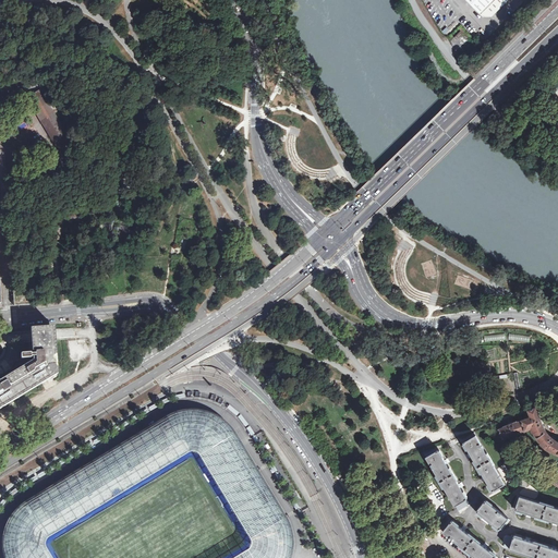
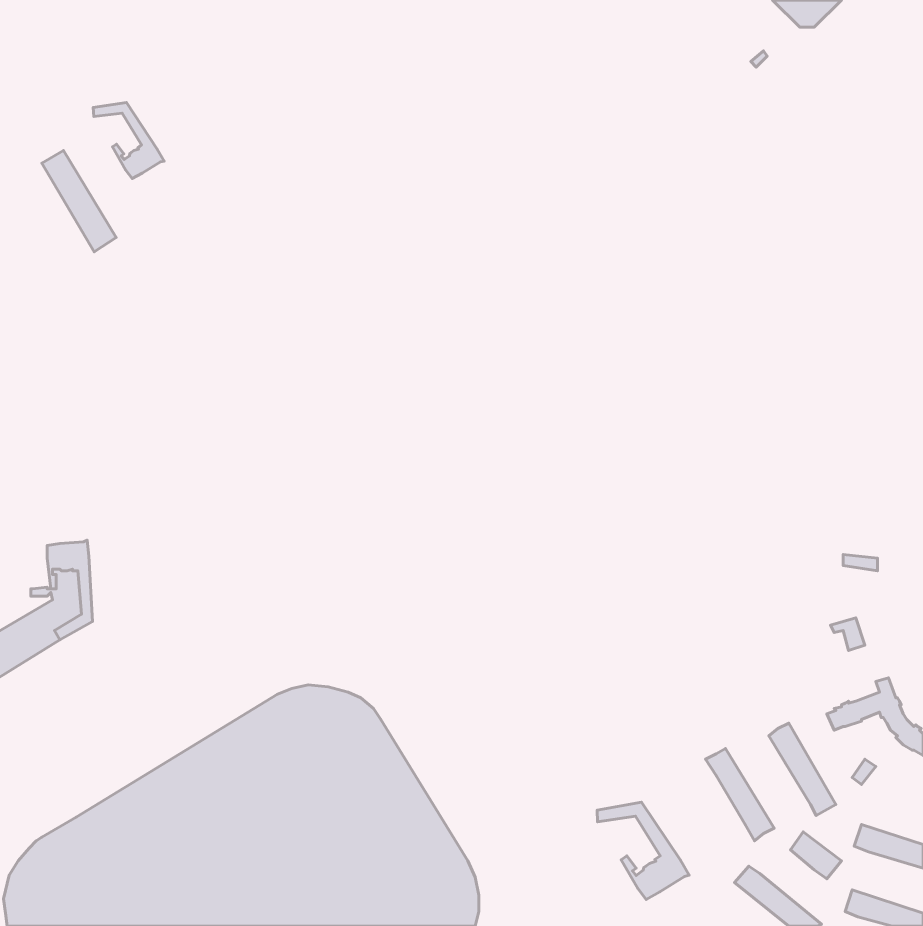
building: none -> [93,102,164,179]
building: none -> [597,802,689,899]

